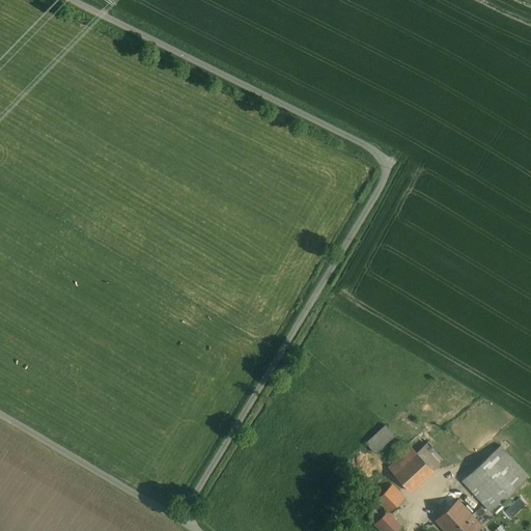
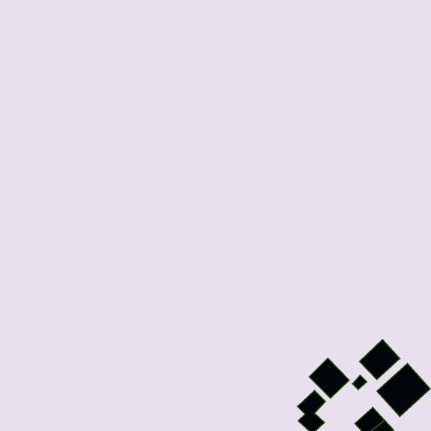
building: none -> [360,340,400,380]
building: [366,424,396,453] -> none

